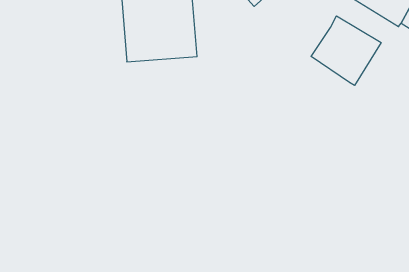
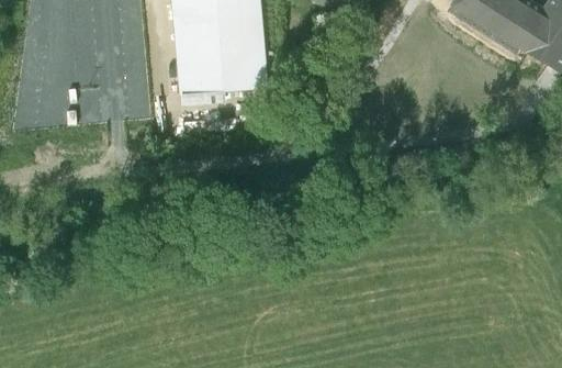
building: [311,16,381,85] -> none

